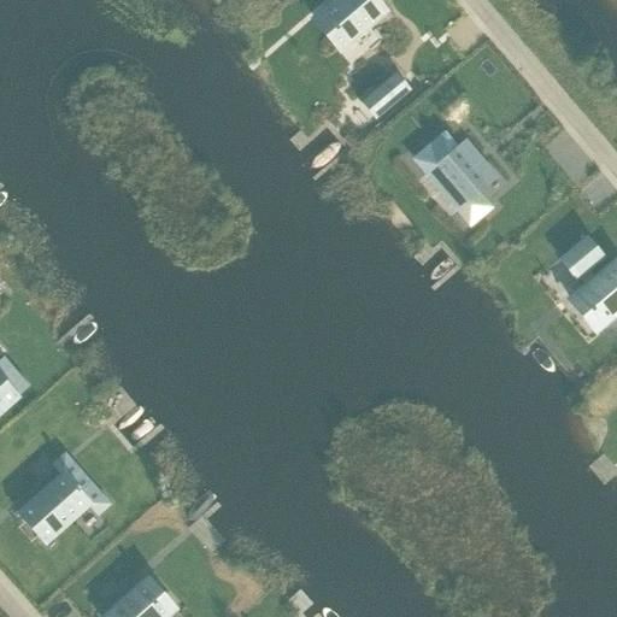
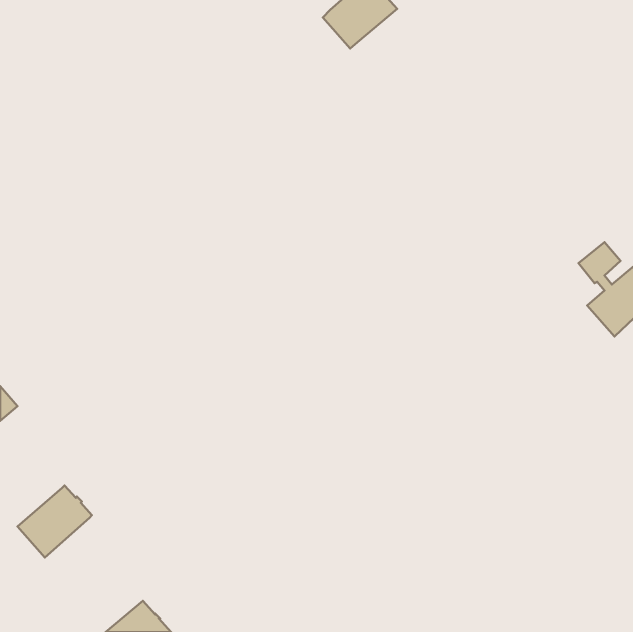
building: [360,71,411,118] -> none
building: [412,124,493,212] -> none

